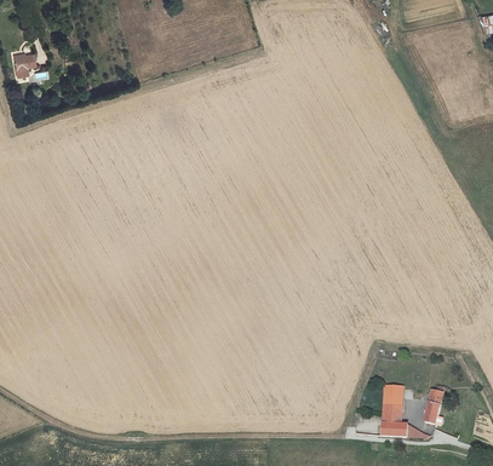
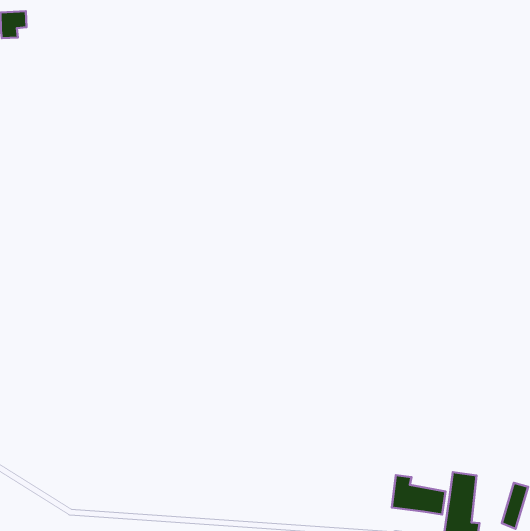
building: none -> [392,475,445,515]

